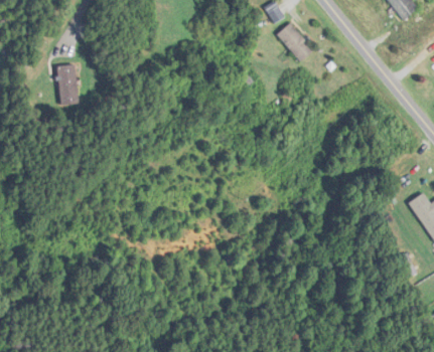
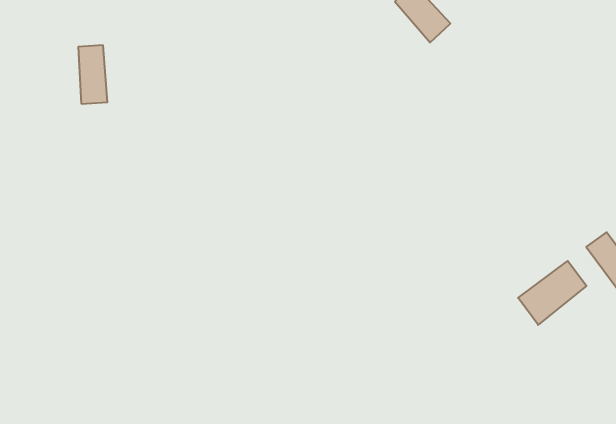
building: none -> [518,261,586,325]

